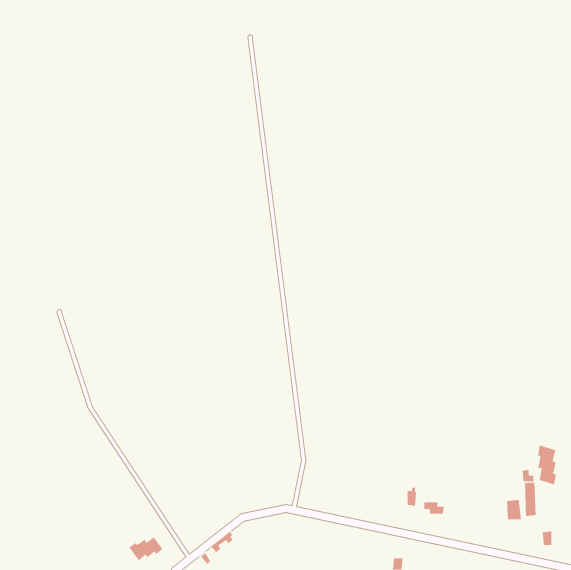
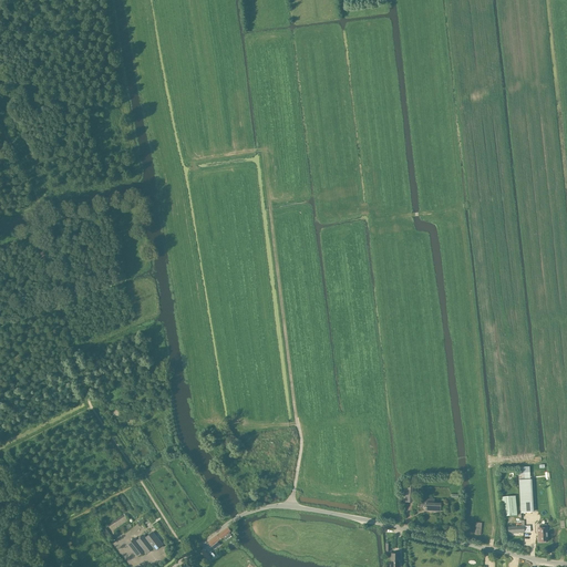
building: [537,444,557,485] -> none

